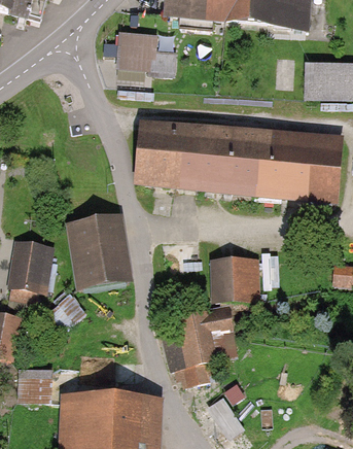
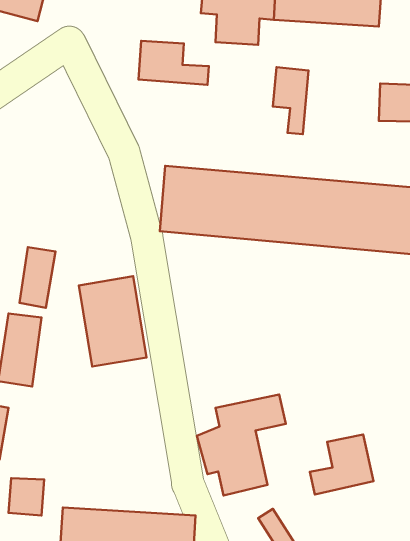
building: none -> [273,67,308,134]
building: none -> [19,247,56,308]
building: [219,261,257,300] -> none
building: none -> [310,435,373,494]

